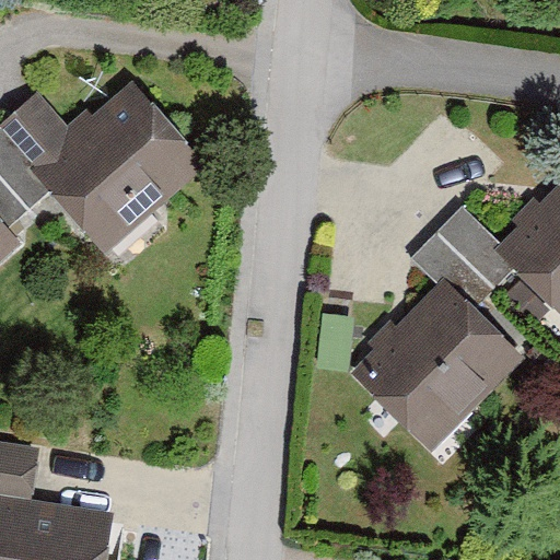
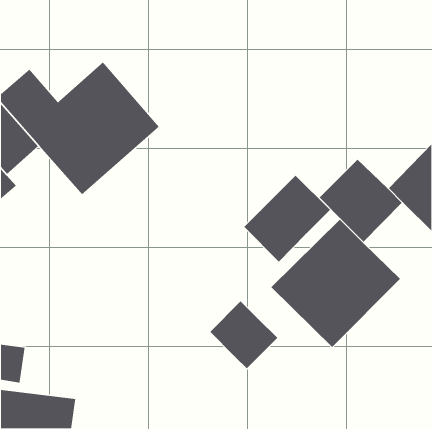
building: none -> [244,175,331,262]
building: none -> [210,301,278,369]

